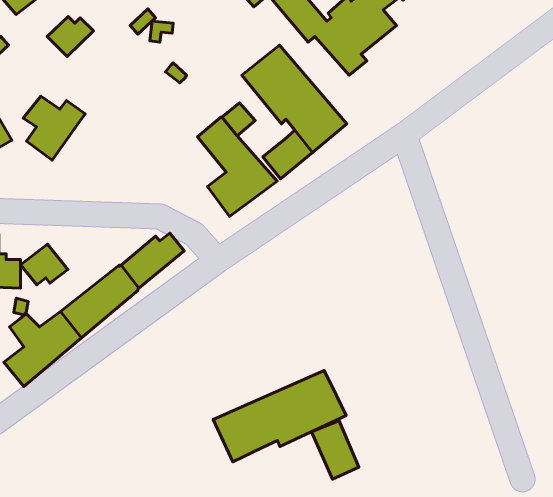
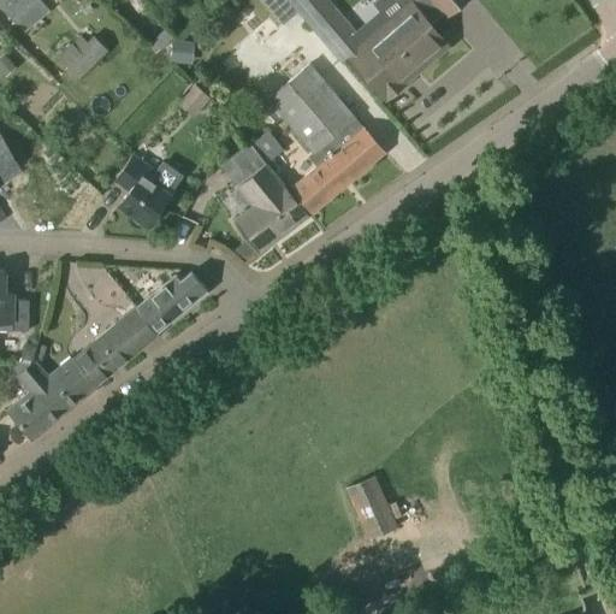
building: [23,96,85,160] -> [116,155,183,225]
building: [21,244,68,285] -> none
building: [213,371,346,462] -> none

